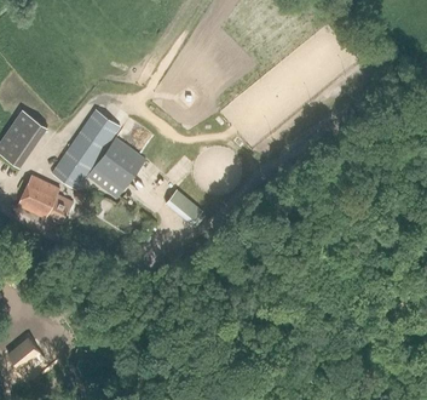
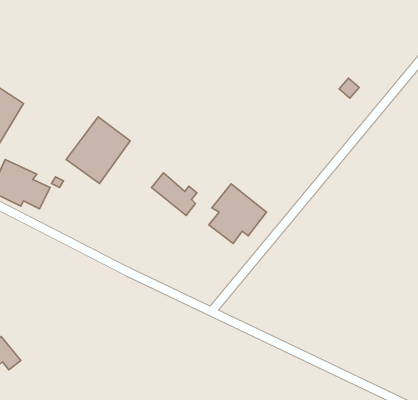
building: [51,109,119,189] -> none
building: none -> [209,184,266,244]

